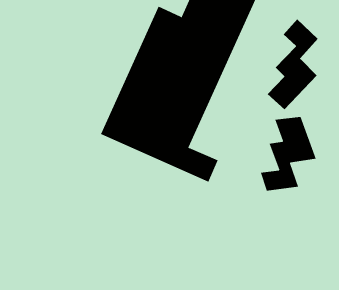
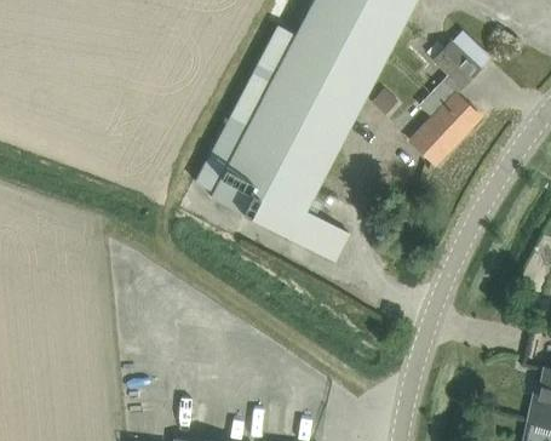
building: [260,116,317,191] -> none

